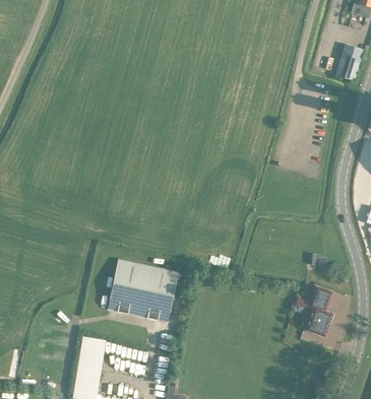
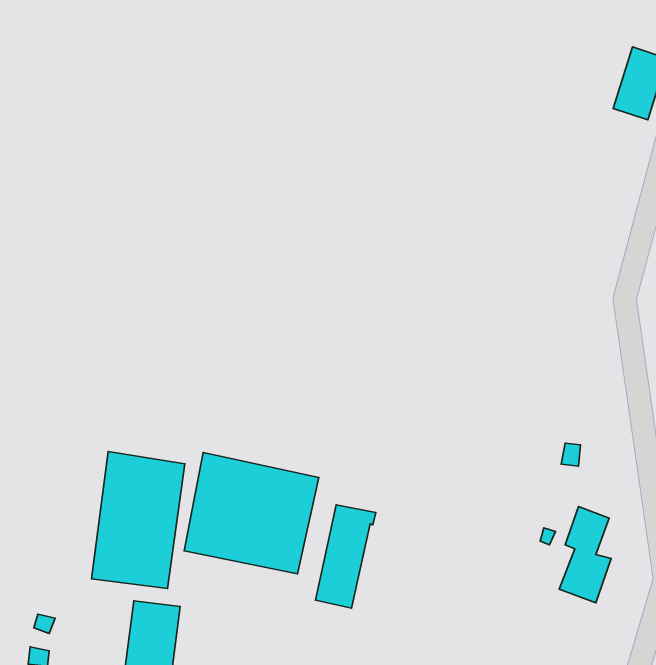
building: none -> [91,452,185,589]
building: none -> [316,505,376,608]

